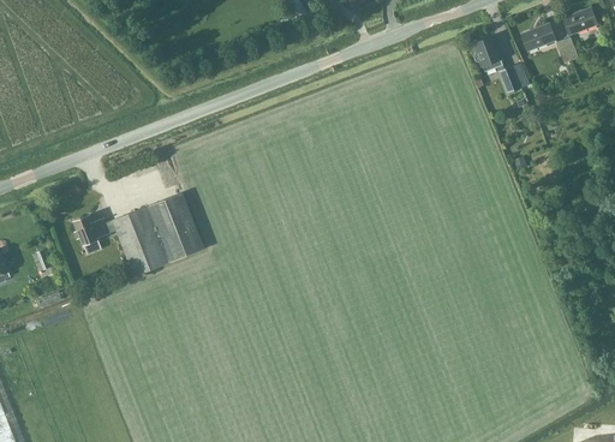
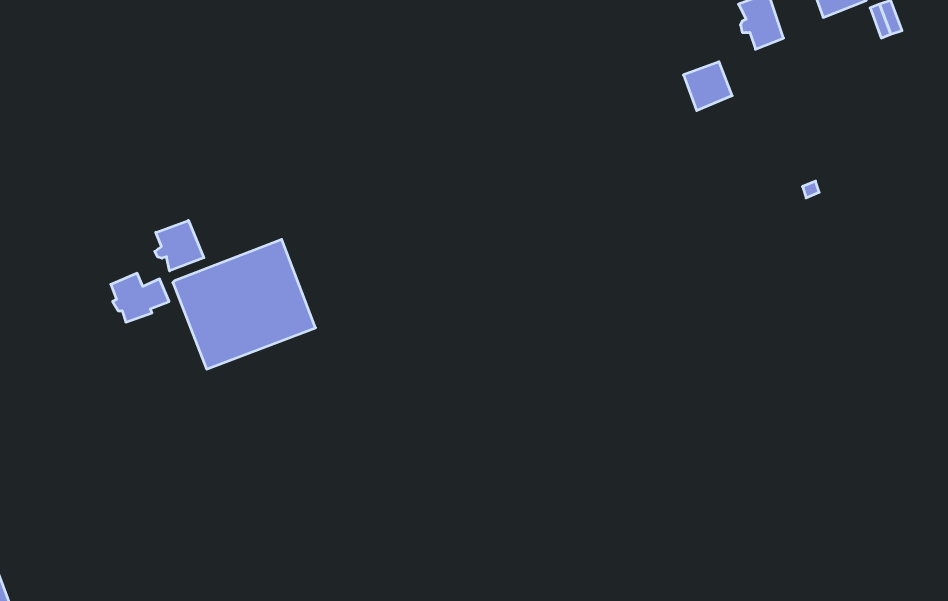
building: [497,61,529,92] -> [683,62,732,111]
building: none -> [155,220,204,271]

